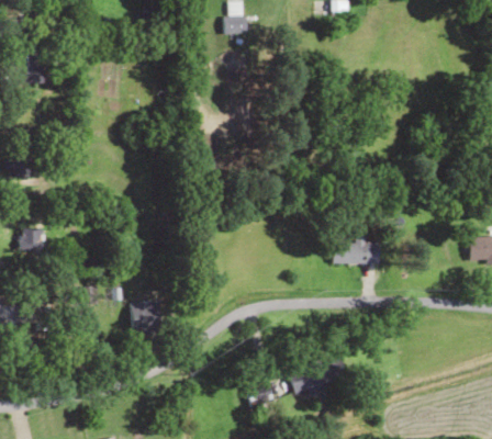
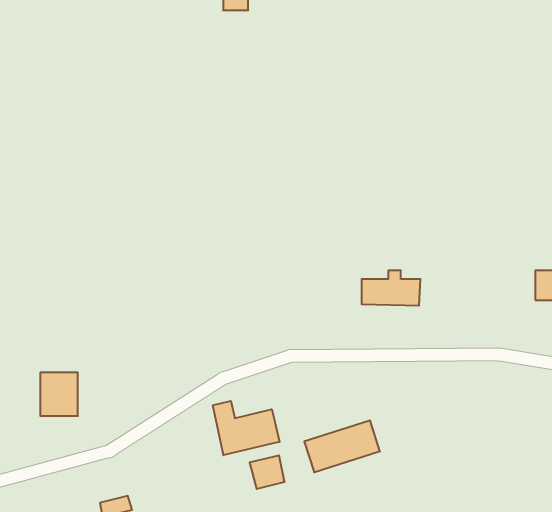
building: [131,303,160,337] -> [40,373,78,416]
building: none -> [213,401,280,455]

